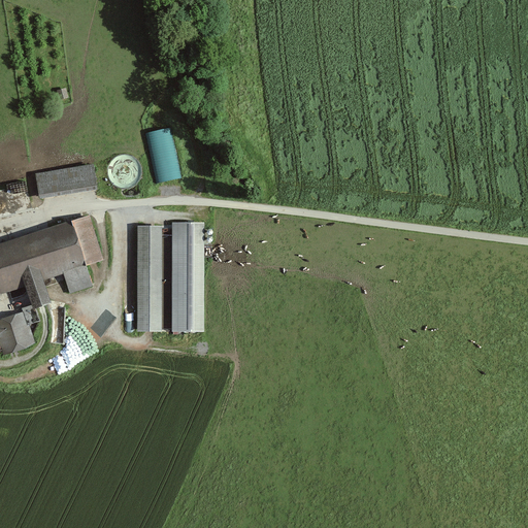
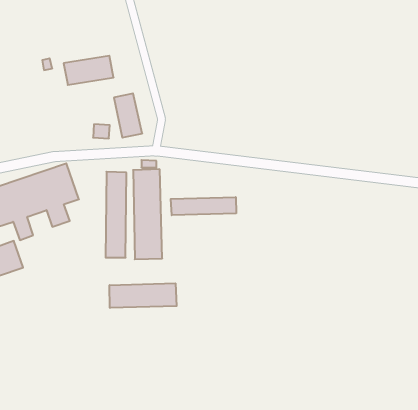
building: [36,159,98,195] -> [64,56,114,85]
building: none -> [171,197,236,215]
building: none -> [110,283,177,308]

